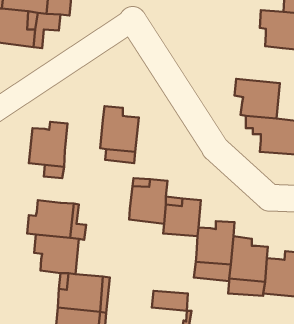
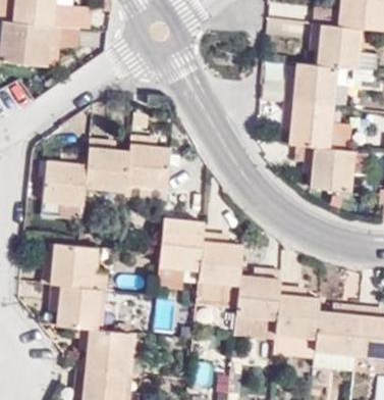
building: none -> [284,64,338,109]
building: none -> [86,138,129,192]
building: [152,291,188,311] -> [198,284,239,307]

